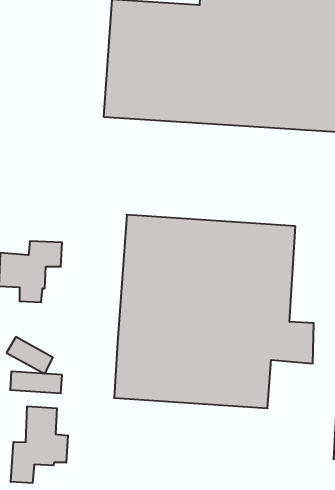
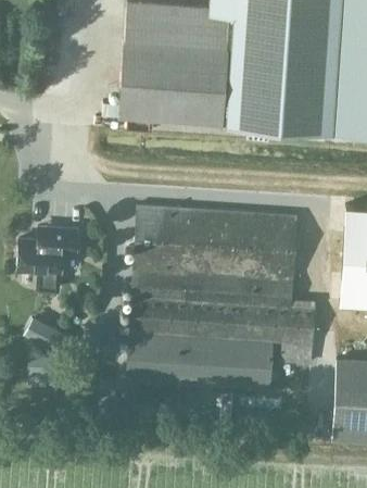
building: [11,406,68,483] -> none

